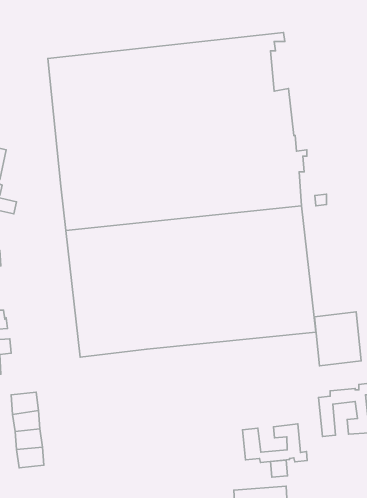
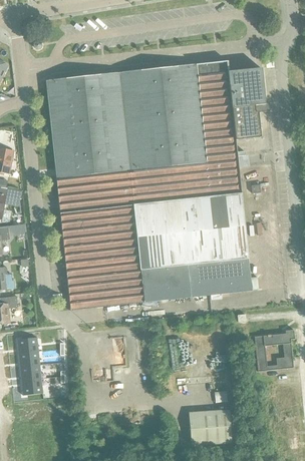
building: none -> [217,67,269,139]
building: [314,312,361,366] -> none
building: [243,424,307,462] -> none

